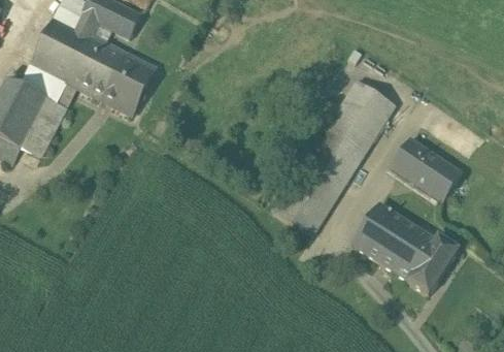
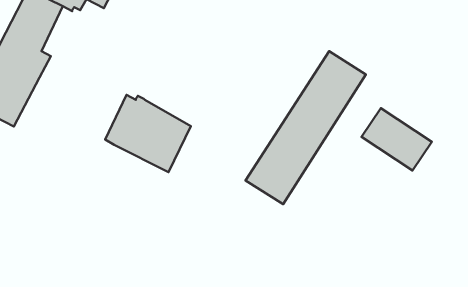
building: [67,34,154,113] -> [105,95,191,172]
building: [352,201,460,293] -> none

